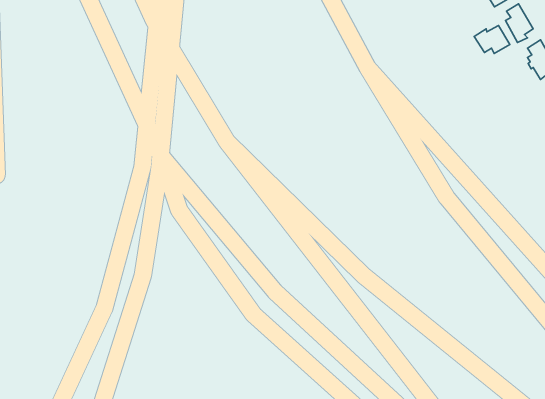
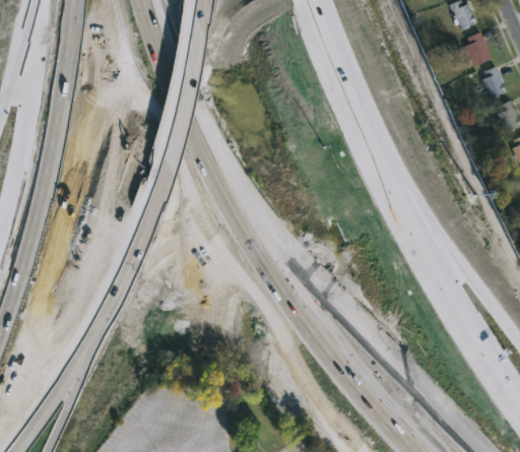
building: [474,25,510,54] -> none

